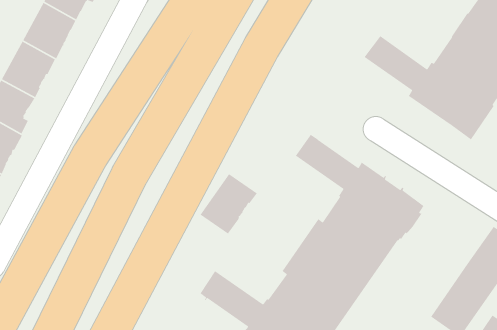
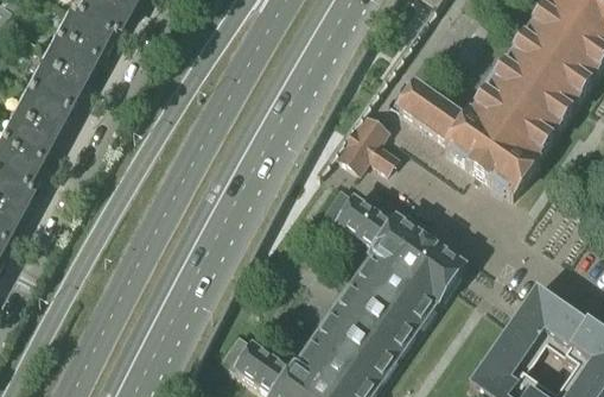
building: none -> [337,111,396,166]
building: [200,173,258,235] -> none

